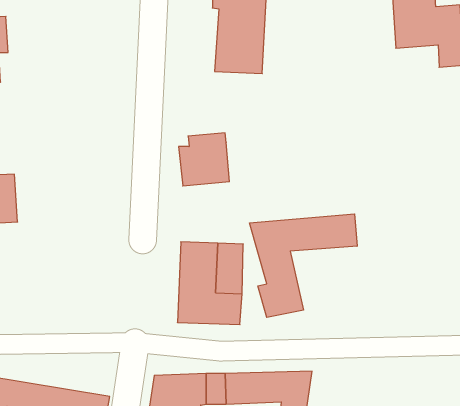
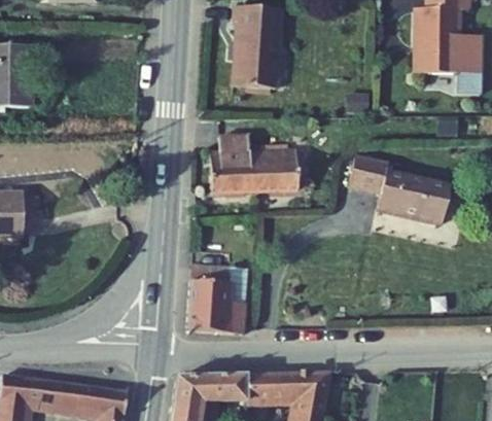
building: none -> [243,150,294,192]
building: none -> [358,161,462,218]
building: [250,214,357,317] -> none

